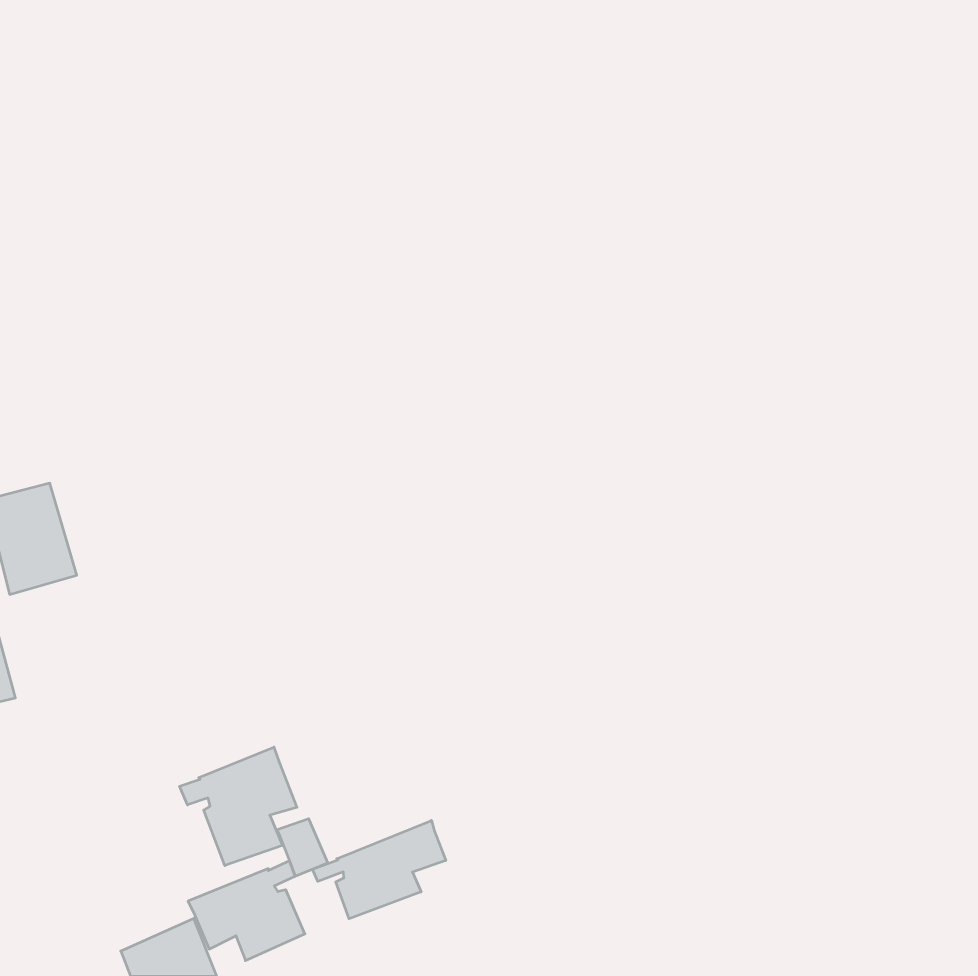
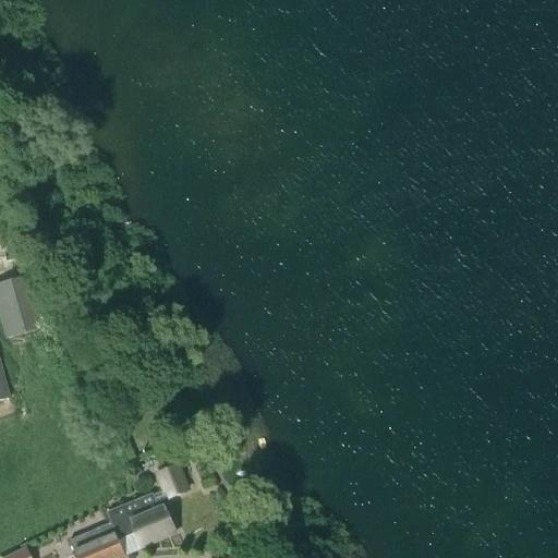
building: [180,747,297,866] -> none
building: [312,820,446,919] -> none

